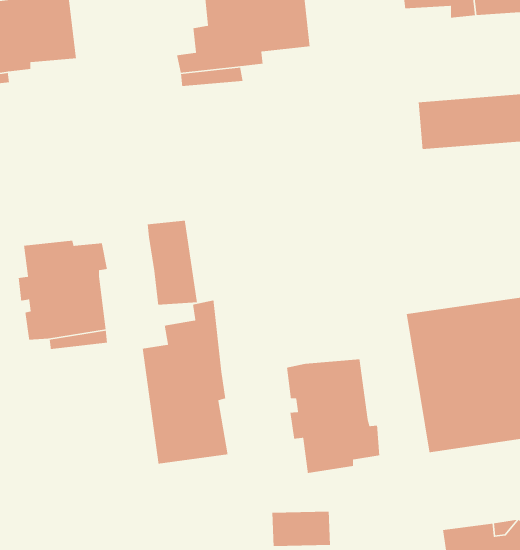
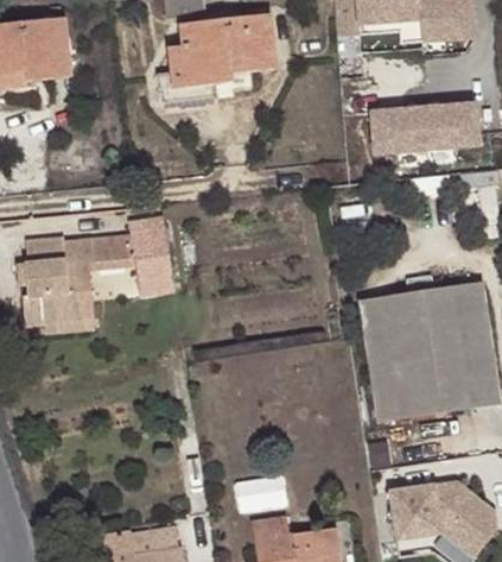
building: none -> [89,232,136,266]
building: [142,299,228,465] -> none
building: [286,358,380,474] -> none

